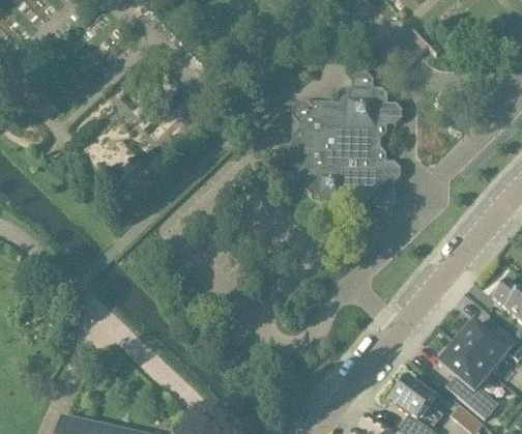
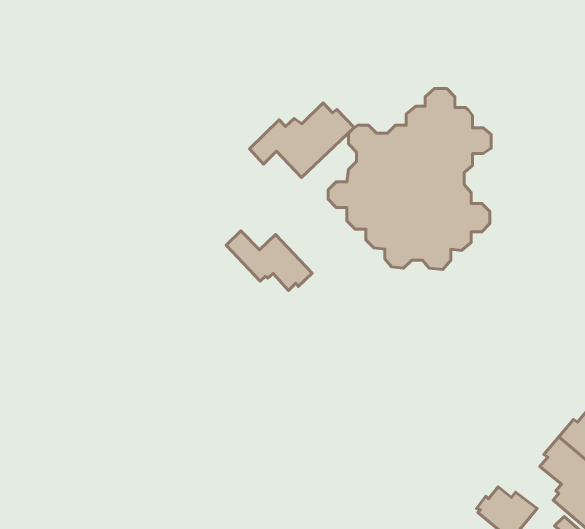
building: none -> [249,103,354,178]
building: none -> [226,231,312,290]

